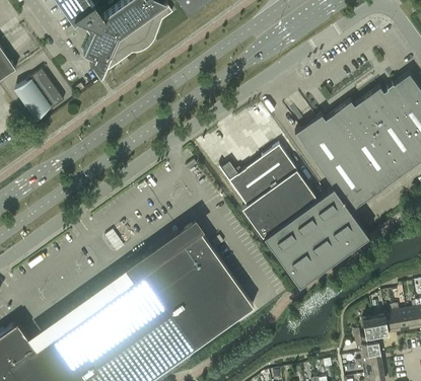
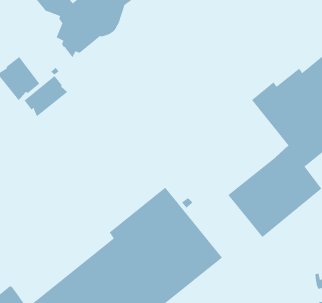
building: none -> [24,75,68,117]
building: [223,146,317,238] -> none

